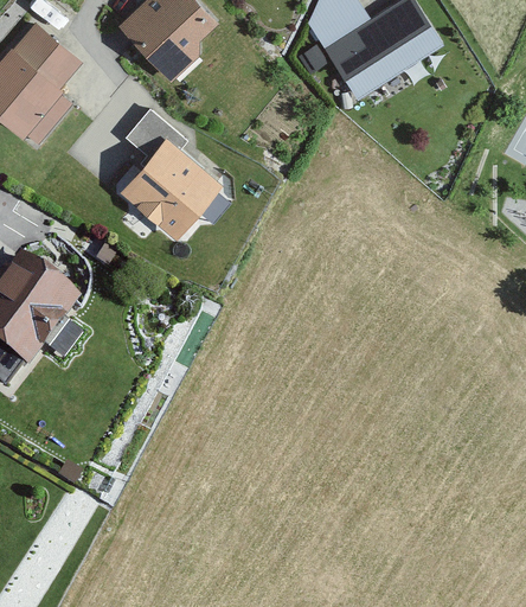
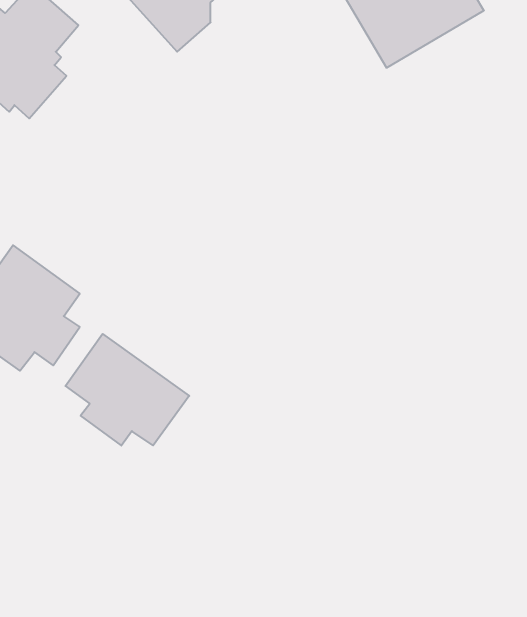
building: [120,109,220,238] -> none
building: none -> [65,334,189,446]

